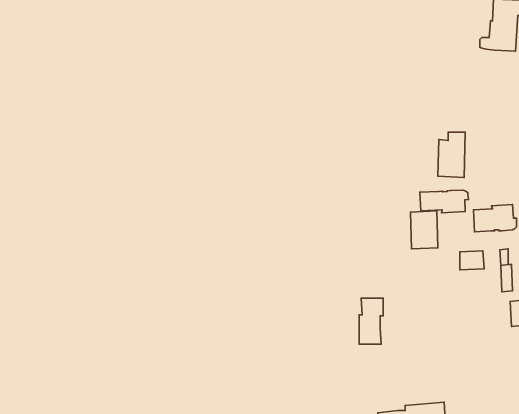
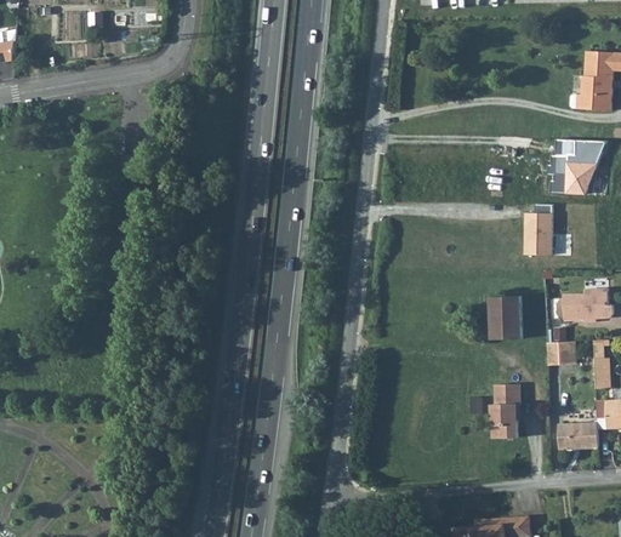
building: none -> [546,141,605,195]
building: [420,190,469,213] -> none
building: [359,298,383,344] -> [492,384,520,438]
building: none -> [558,422,598,449]

